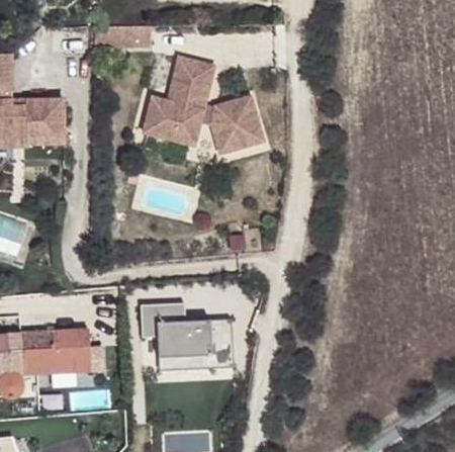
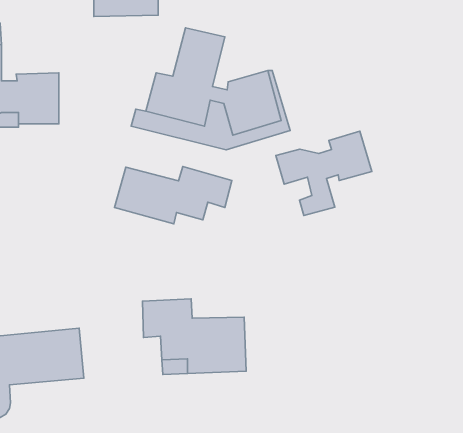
building: none -> [276,131,372,215]
building: none -> [114,167,232,224]

